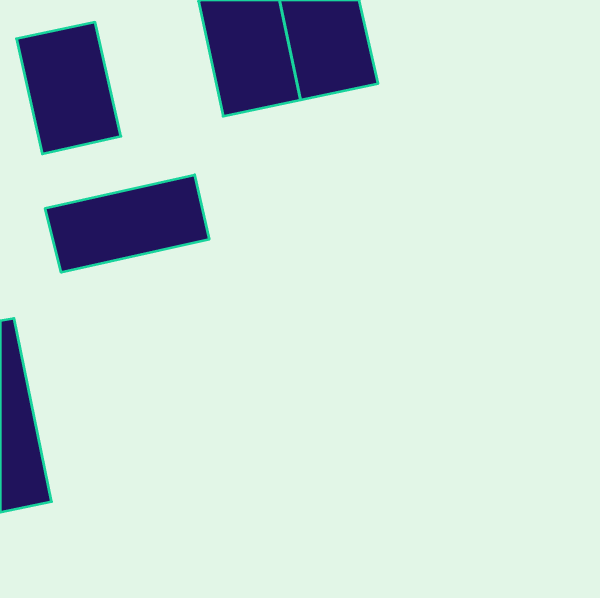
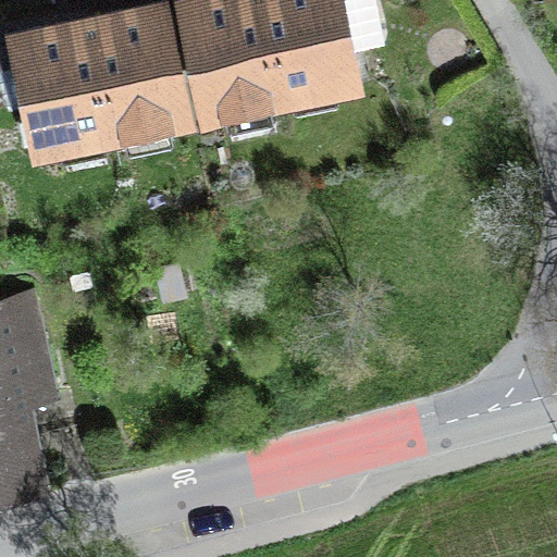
building: none -> [88,7,185,128]
building: [45,175,209,272] -> none

